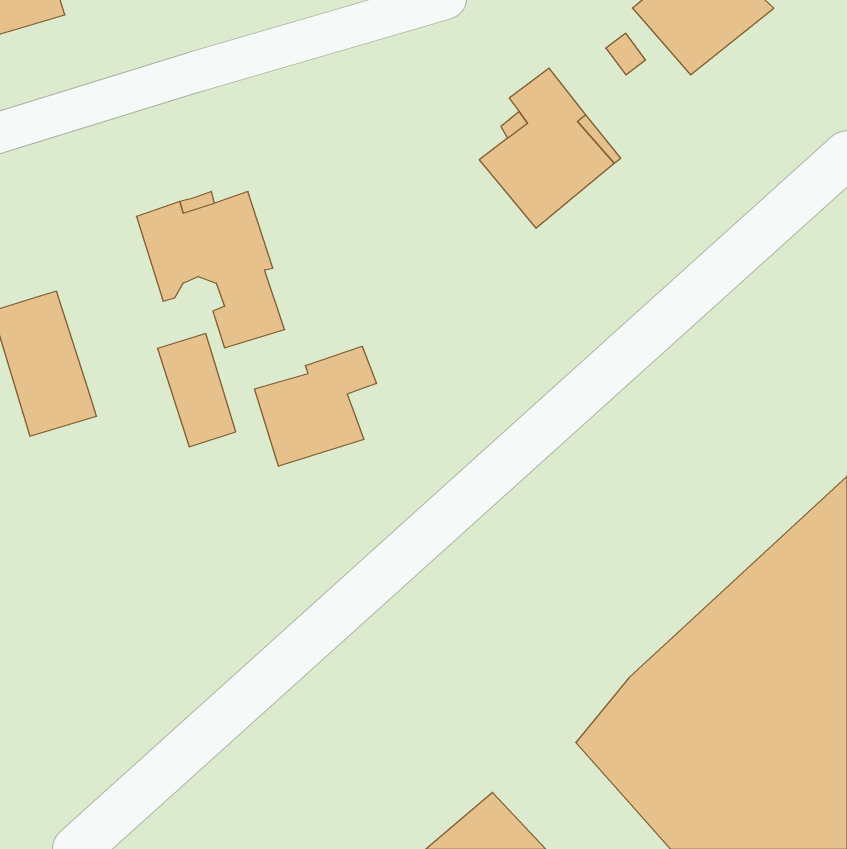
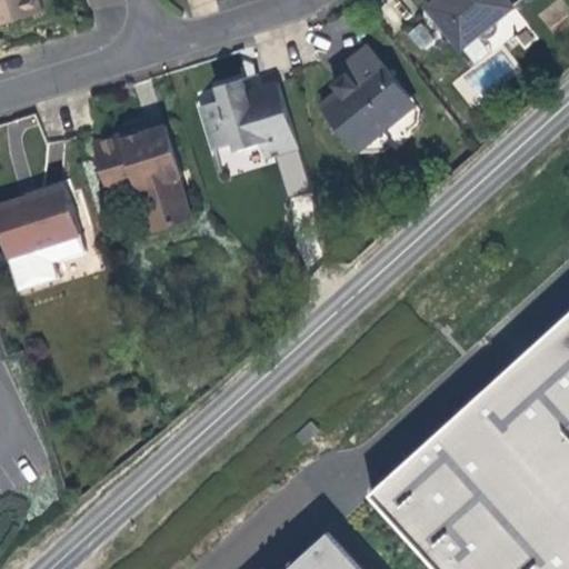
building: none -> [198,80,307,200]
building: [157,334,236,447] -> [38,184,90,260]
building: [254,346,376,466] -> none

